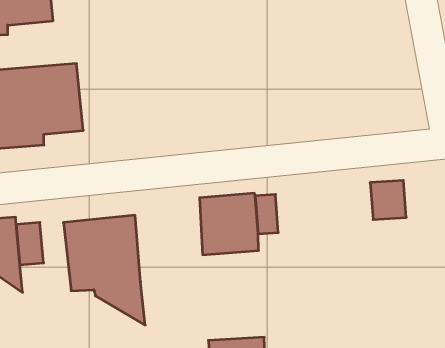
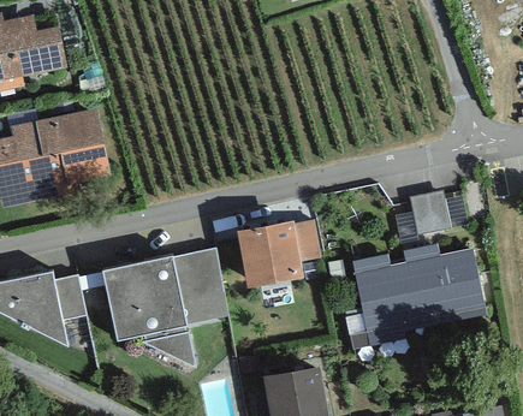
building: none -> [173,248,228,323]
building: none -> [351,243,486,345]

